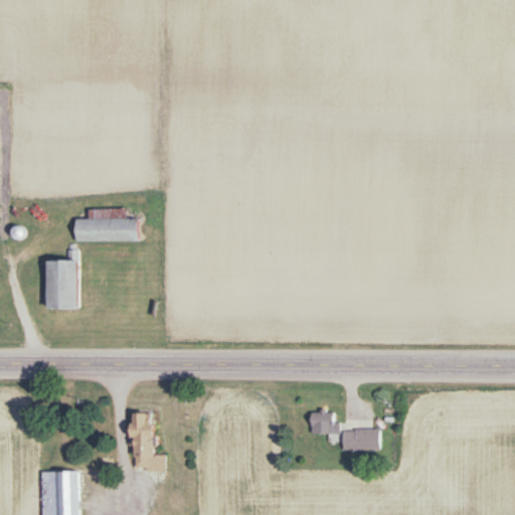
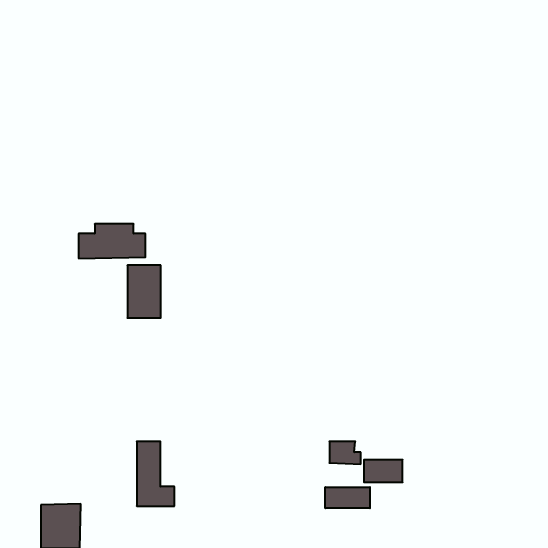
building: [46,261,77,310] -> [127,265,161,318]
building: none -> [325,487,370,508]

